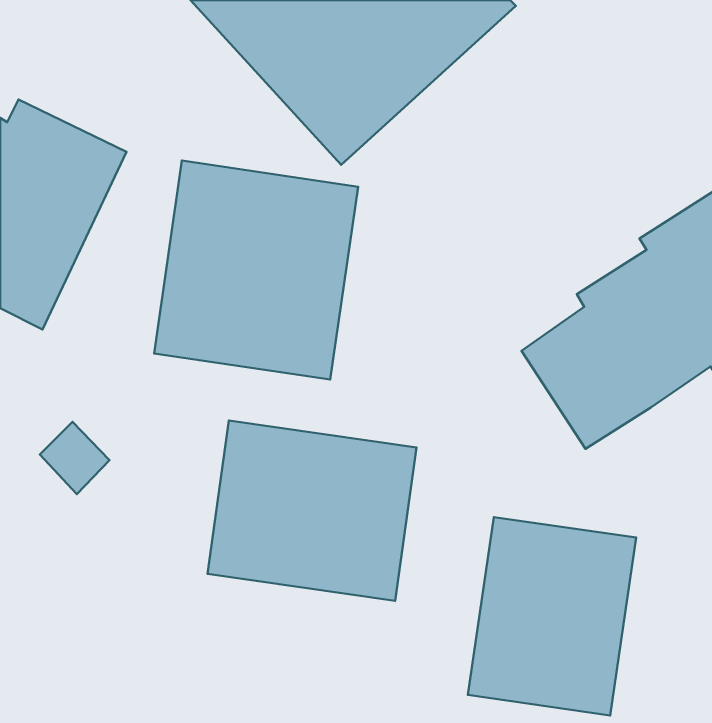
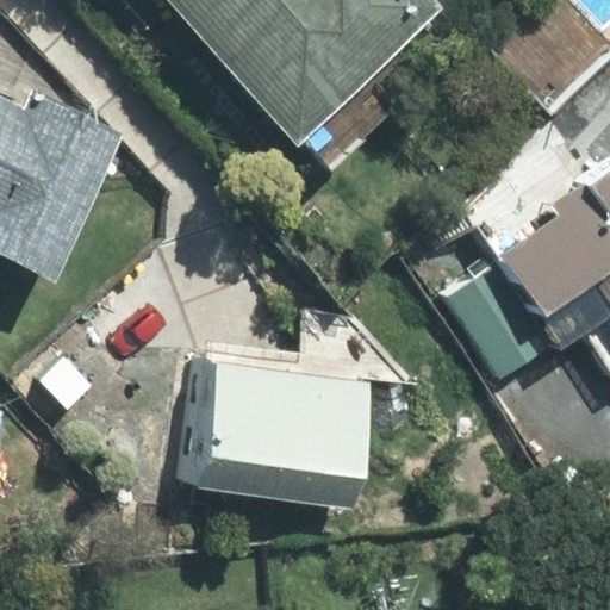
building: [154,161,358,380] -> none
building: [468,517,636,715] -> none

